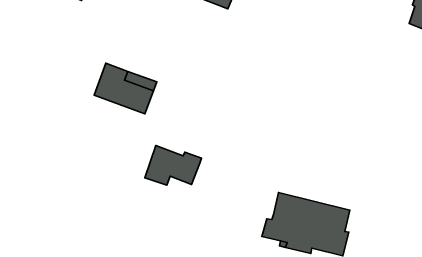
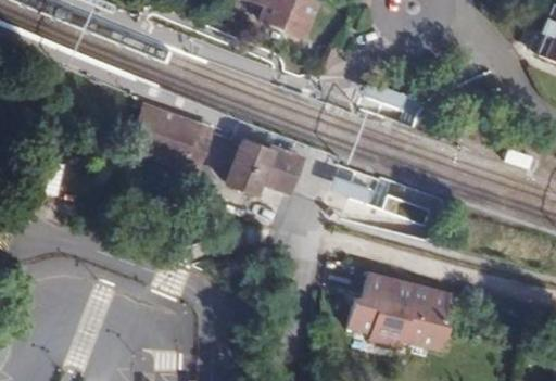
building: [145,146,202,185] -> [229,141,302,192]

